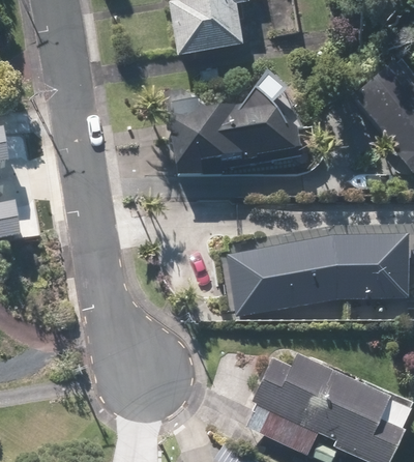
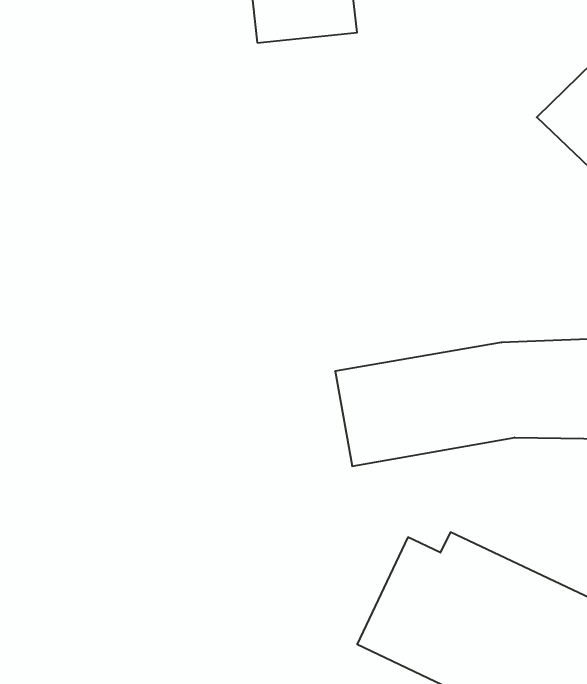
building: [166,75,302,175] -> none

